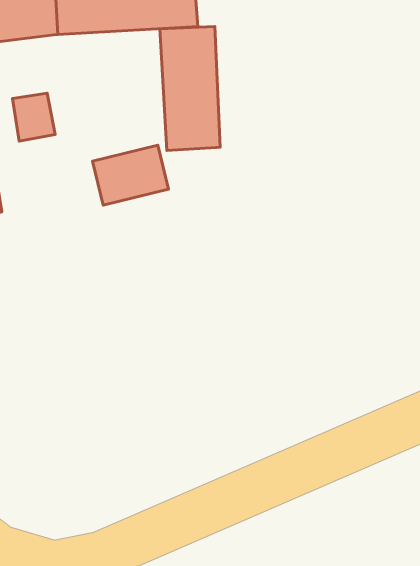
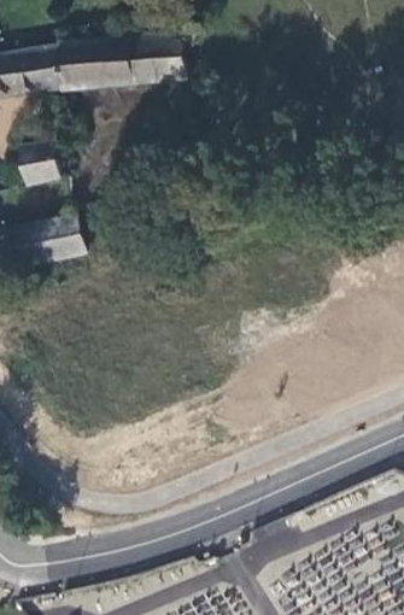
building: [160,26,220,150] -> none
building: [93,145,168,205] -> [14,216,83,270]

